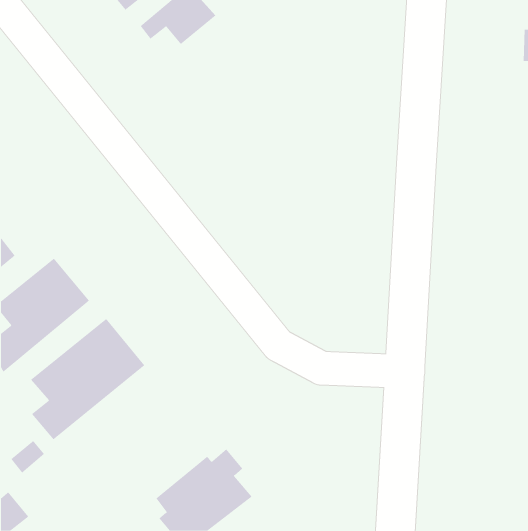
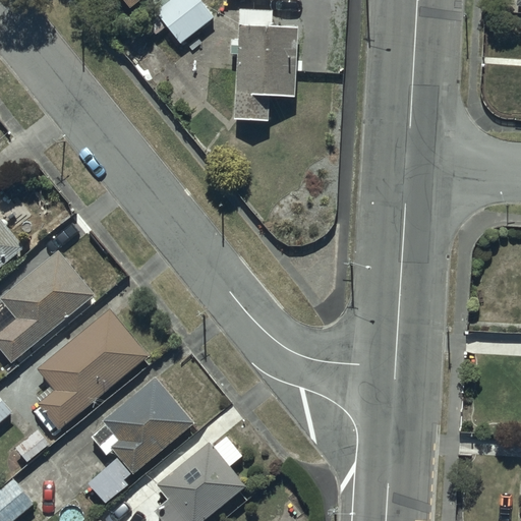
building: none -> [227,9,300,121]
building: none -> [88,379,190,504]

